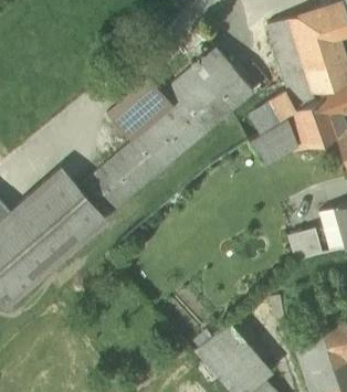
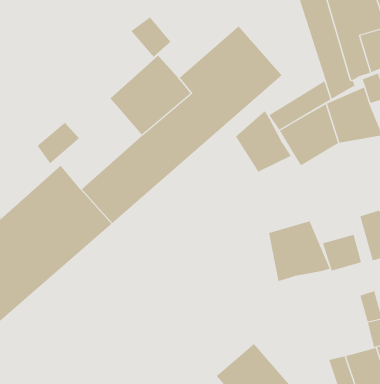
building: none -> [130,17,171,57]
building: none -> [235,110,291,172]
building: none -> [37,122,80,164]
building: none -> [268,221,331,282]

